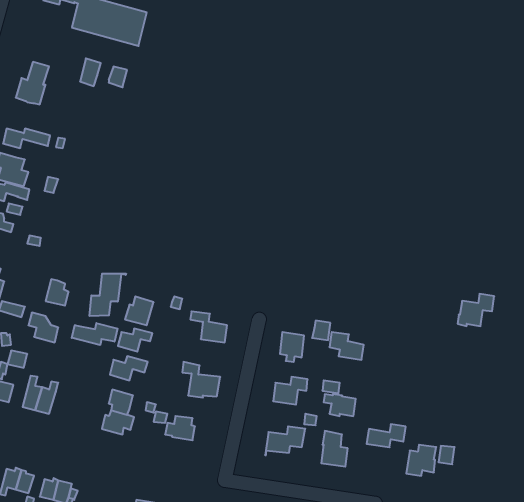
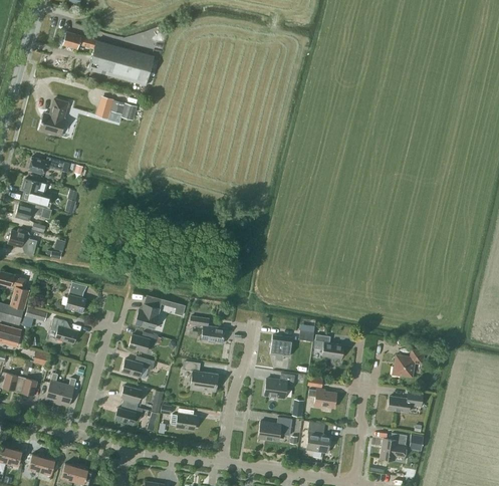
building: [90,274,126,316] -> none
building: [458,294,494,326] -> [392,348,424,377]
building: [72,323,118,345] -> none
building: [367,424,406,447] -> [388,392,422,412]

